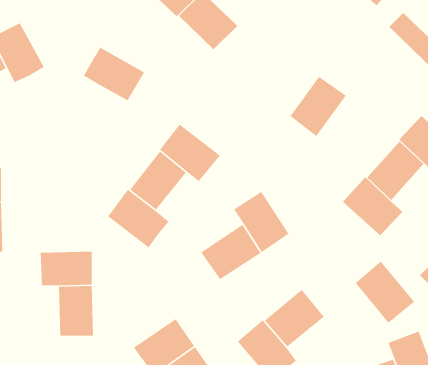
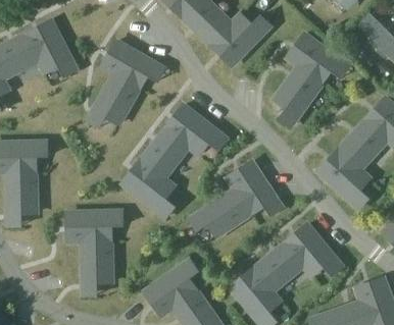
building: none -> [210,14,261,66]
building: none -> [287,35,339,83]
building: none -> [94,73,140,124]
building: [355,260,415,324] -> [285,224,335,277]

